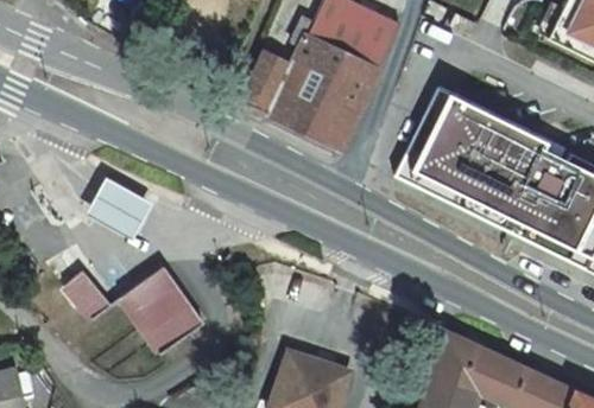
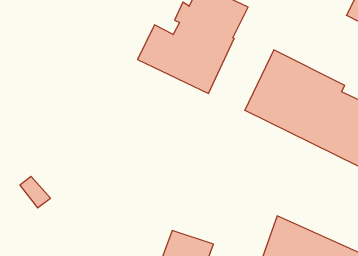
building: [90,178,158,240] -> none
building: [120,266,203,353] -> none

